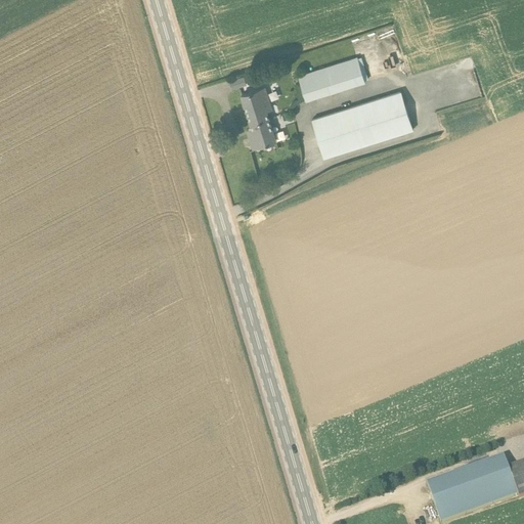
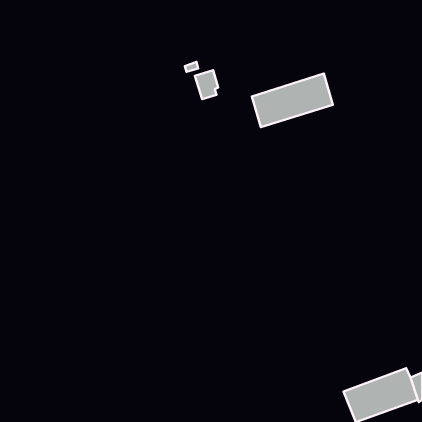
building: [299,58,365,100] -> none
building: [249,118,275,147] -> none

